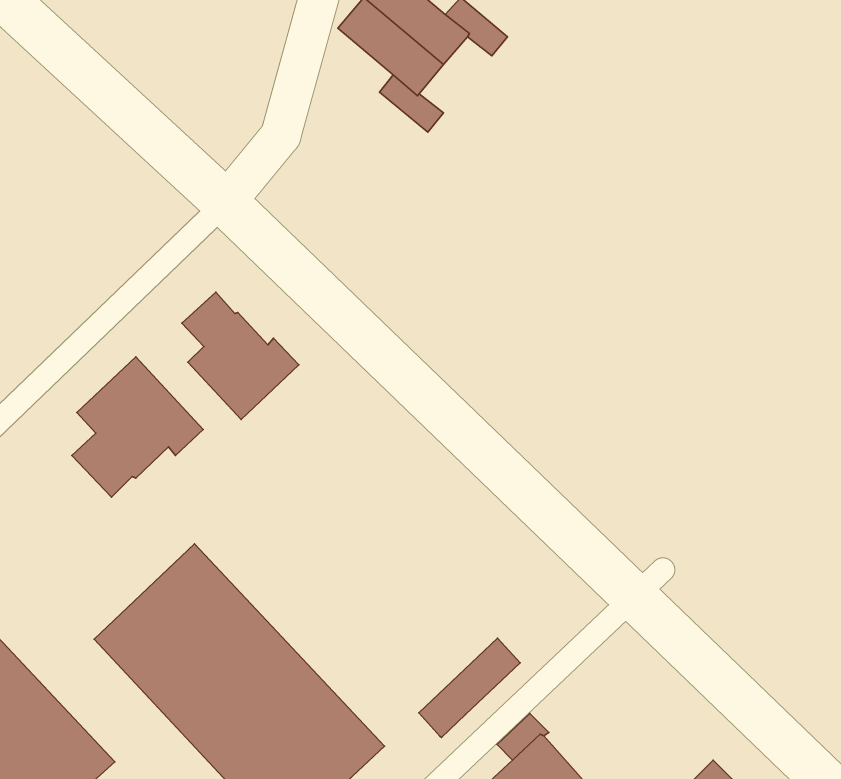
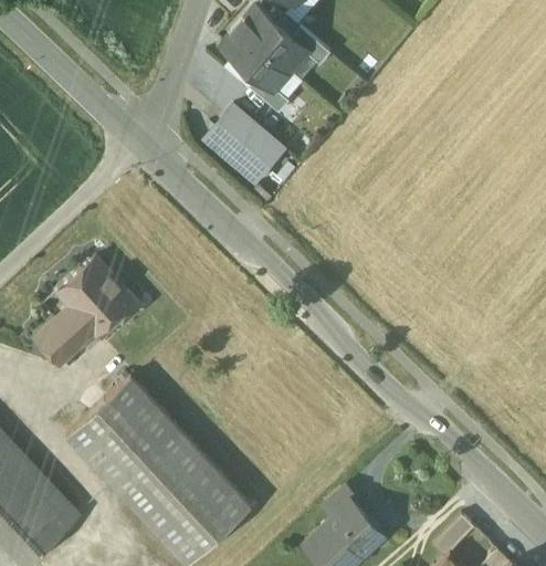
building: none -> [207,108,284,182]
building: [182,292,299,420] -> none
building: none -> [34,322,78,366]
building: [419,638,520,737] -> none

